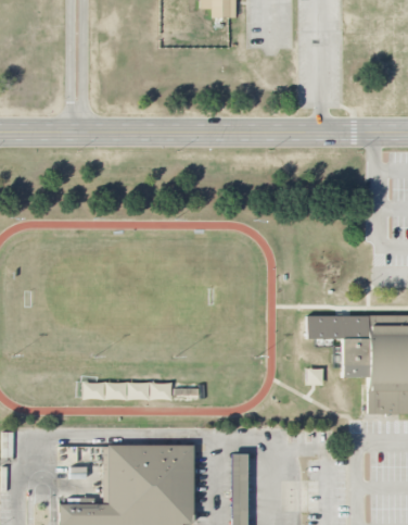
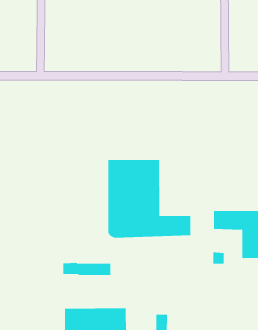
building: none -> [108,159,191,239]

